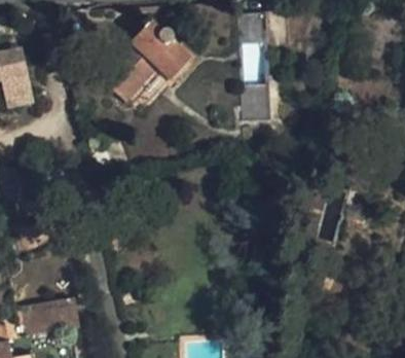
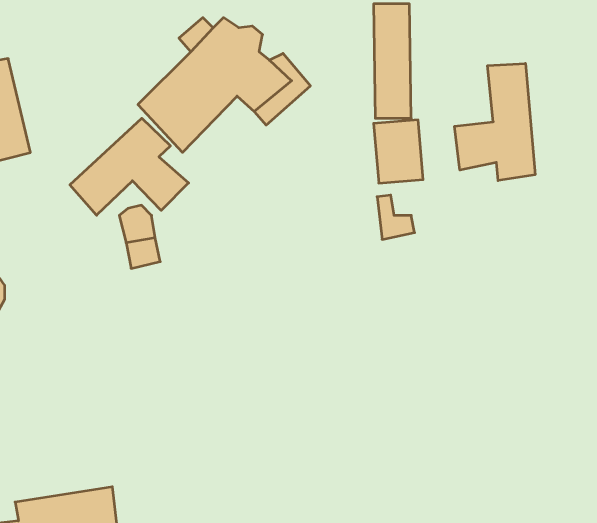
building: none -> [455,63,535,181]
building: none -> [70,118,189,215]

